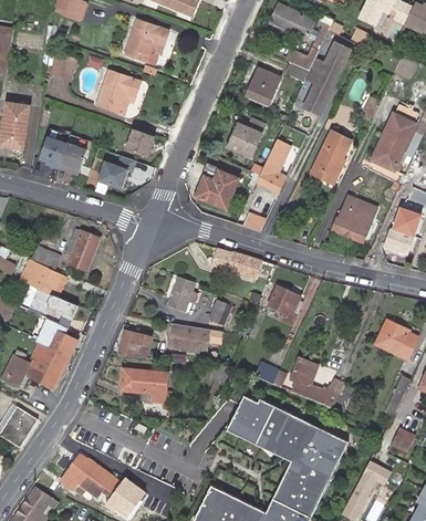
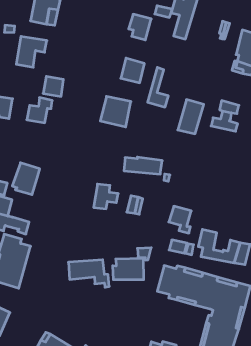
building: [313,129,352,175] -> [178,100,204,134]
building: [267,286,298,324] -> [169,206,191,233]
building: [167,323,210,355] -> [113,259,144,280]
building: [117,331,152,358] -> none

